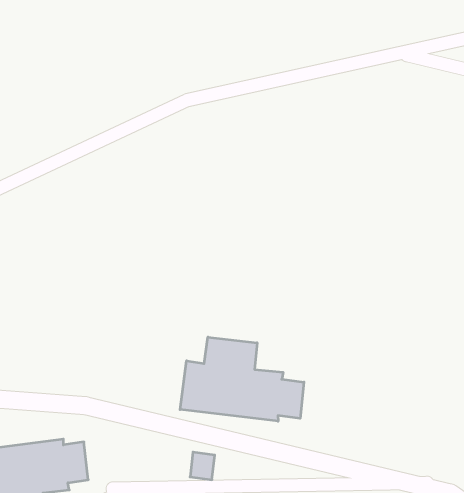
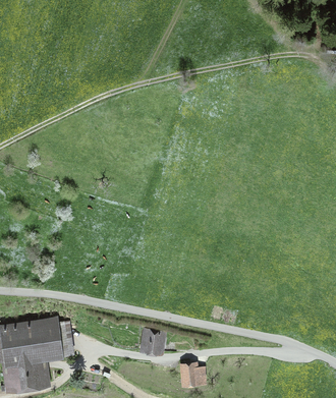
building: [180,337,304,421] -> none

